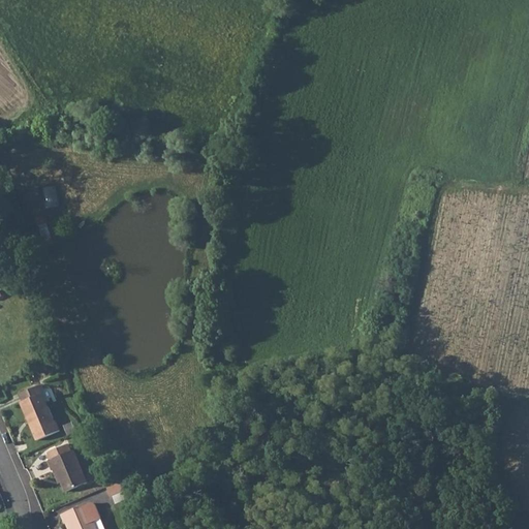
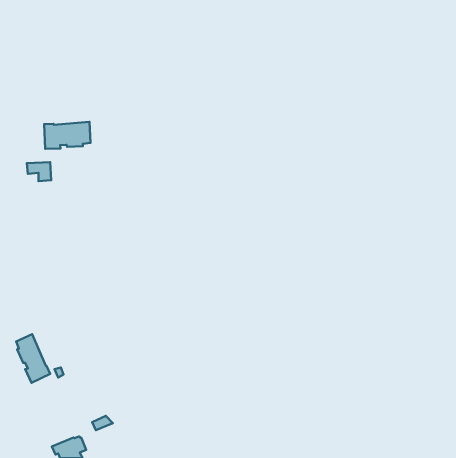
building: none -> [44,122,91,149]
building: [46,444,86,492] -> none

